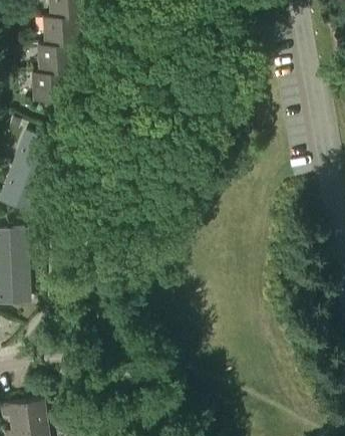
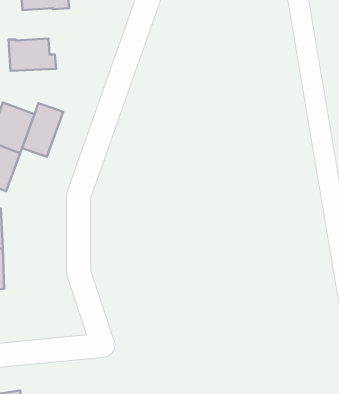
building: [37,42,81,72] -> none
building: none -> [22,103,63,157]

